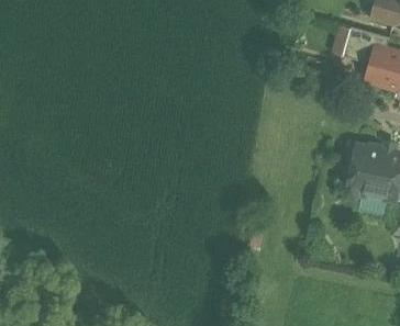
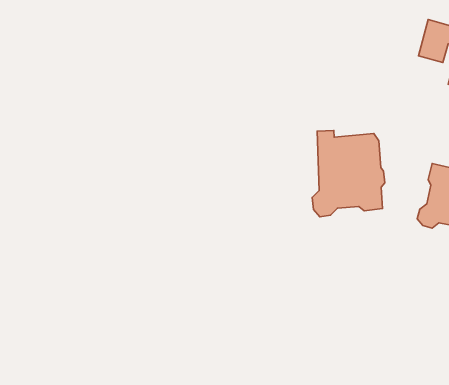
building: none -> [312,130,385,217]

